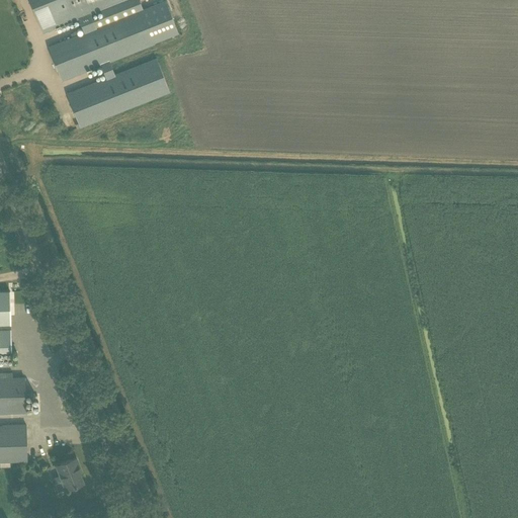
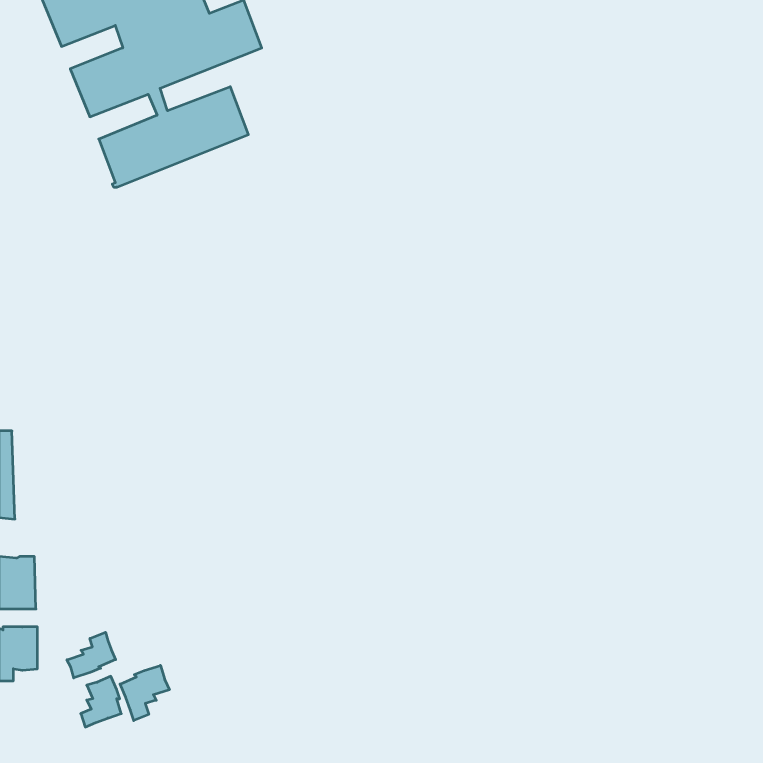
building: none -> [67,632,116,678]
building: none -> [120,665,169,721]

